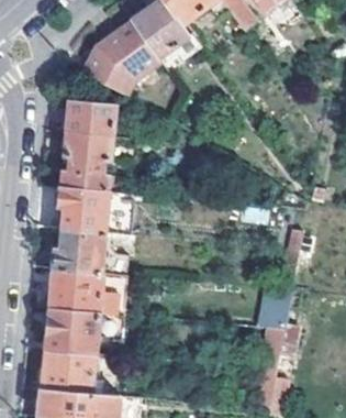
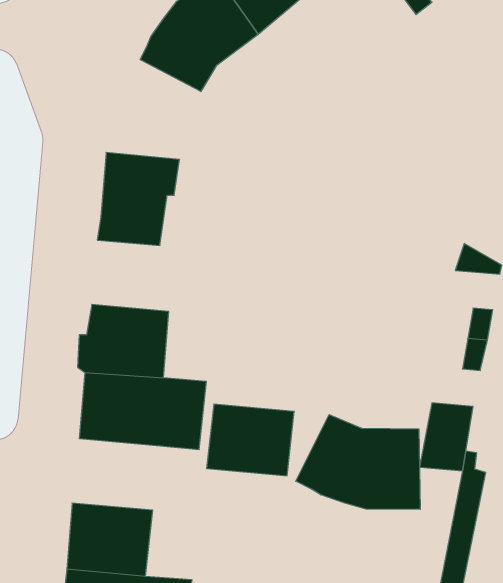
building: [66,99,114,136] -> none
building: [57,186,108,230] -> none
building: none -> [296,415,420,509]
building: [45,308,99,352] -> [207,404,294,476]

